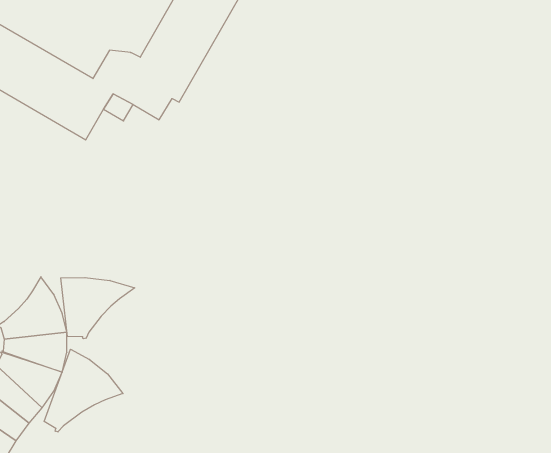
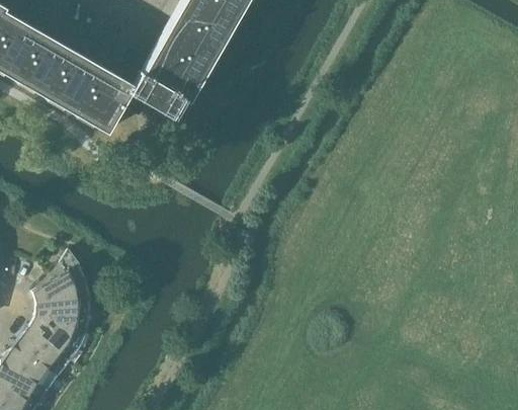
building: [61,278,135,339] -> none
building: [44,349,123,432] -> none

